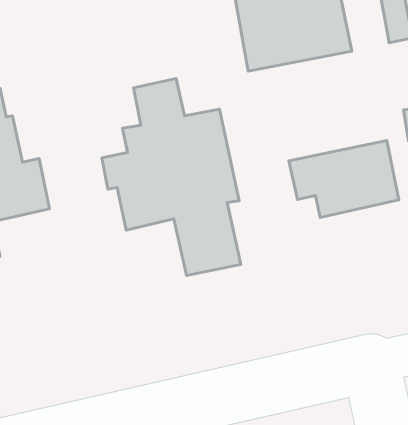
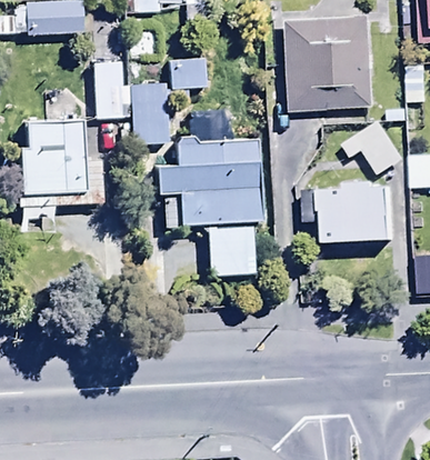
building: none -> [94,58,207,144]
building: none -> [341,119,409,179]

